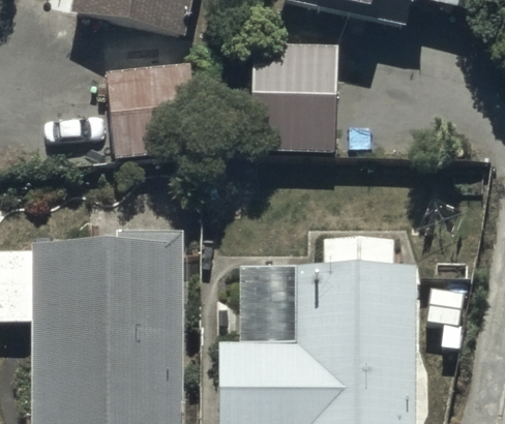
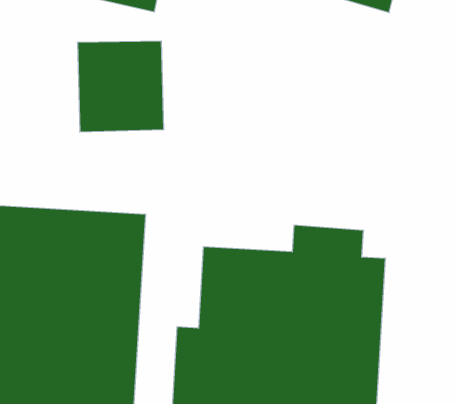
building: [251,42,338,151] -> none

